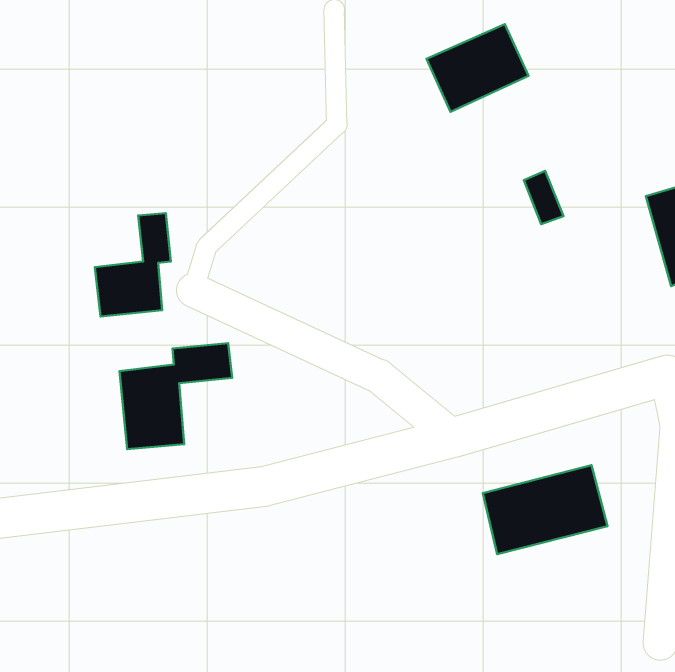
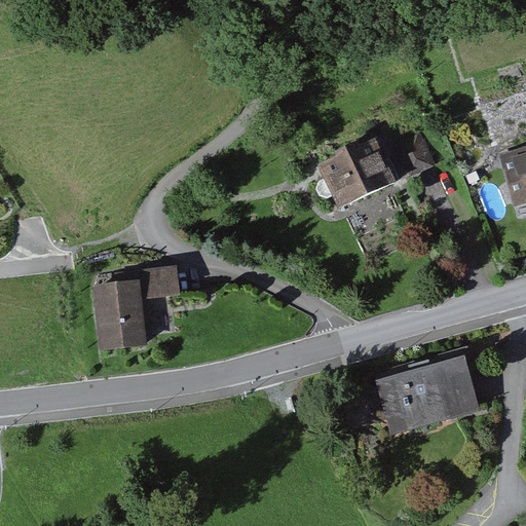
building: [427,24,529,112] -> [318,138,398,205]
building: [95,213,171,316] -> none

